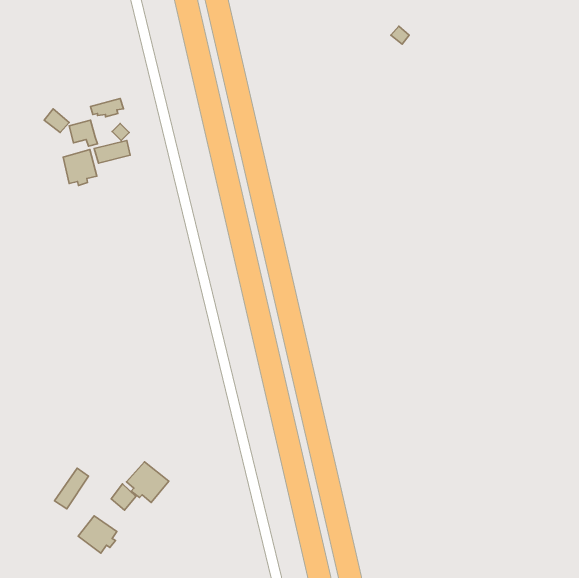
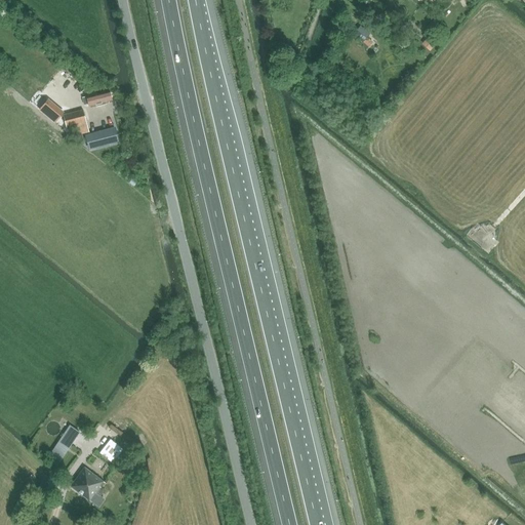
building: [63,150,97,185] -> none
building: [127,462,169,502] -> none

